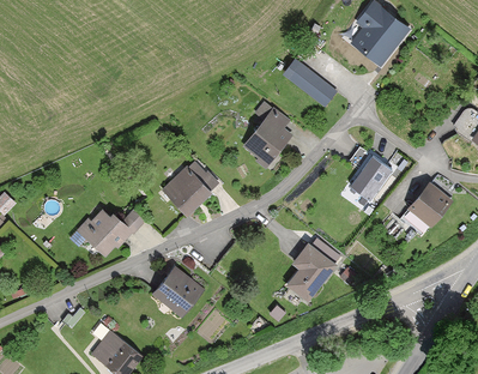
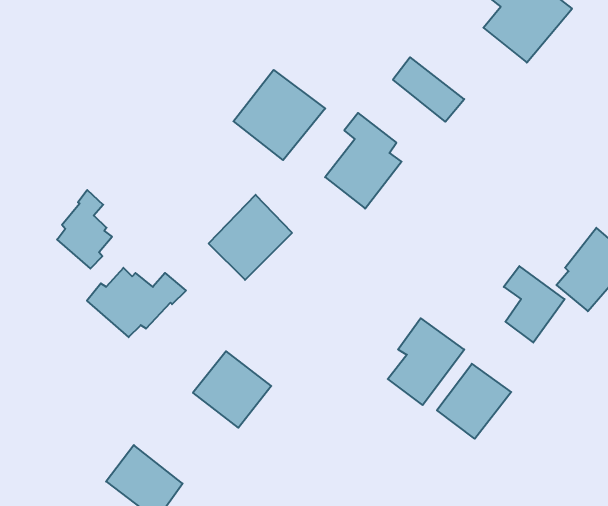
building: none -> [233,70,325,160]
building: [349,145,391,198] -> [504,266,565,343]
building: none -> [57,190,112,269]
building: none -> [437,364,511,439]

